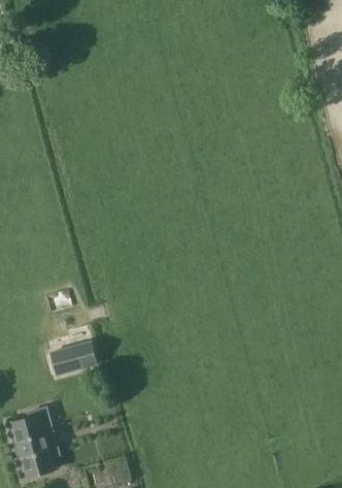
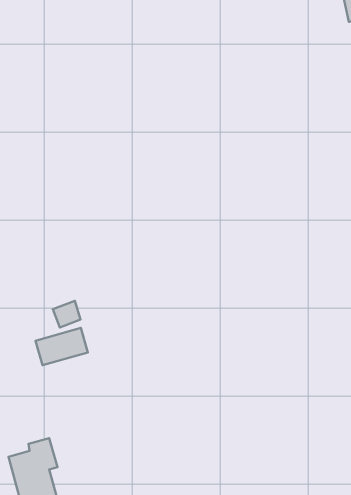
building: [49,338,96,371] -> [35,328,88,365]

